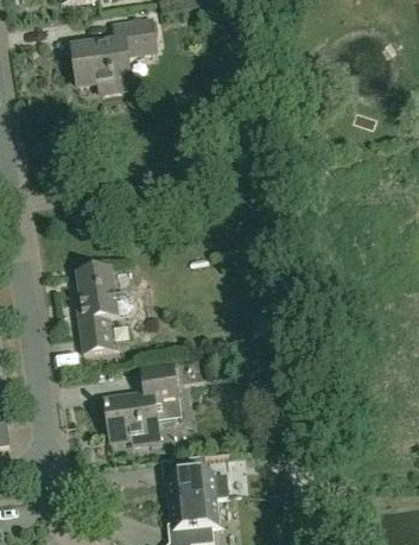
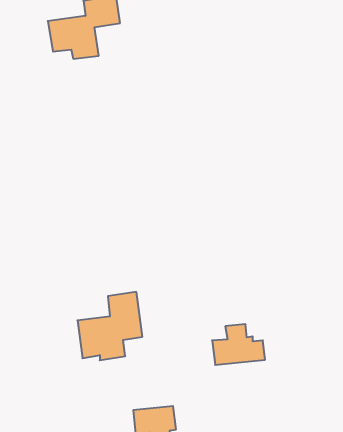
building: [75,267,132,354] -> none
building: [166,455,228,502] -> [212,324,265,365]

